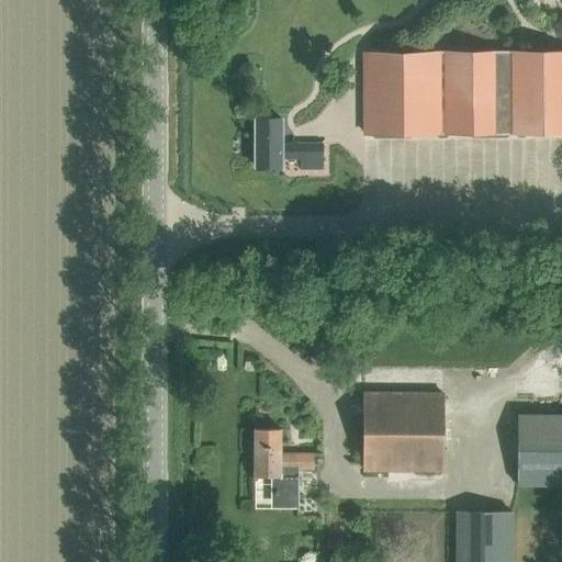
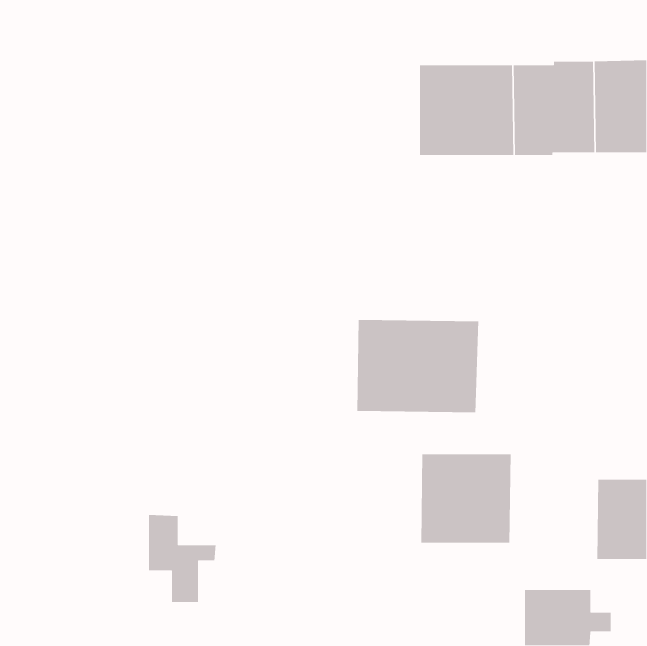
building: [259,121,322,170] -> none
building: none -> [356,319,479,413]
building: [255,428,314,505] -> [148,514,217,603]

